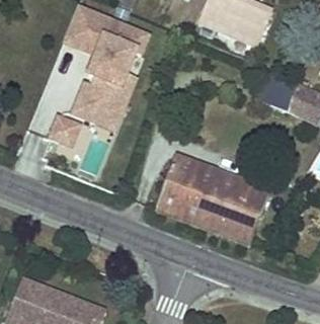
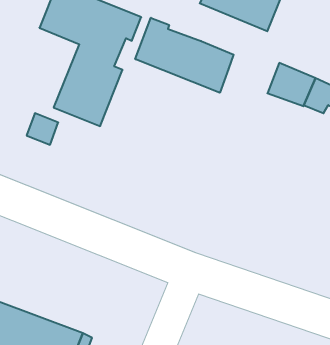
building: none -> [135,18,234,93]
building: [157,156,268,243] -> none

